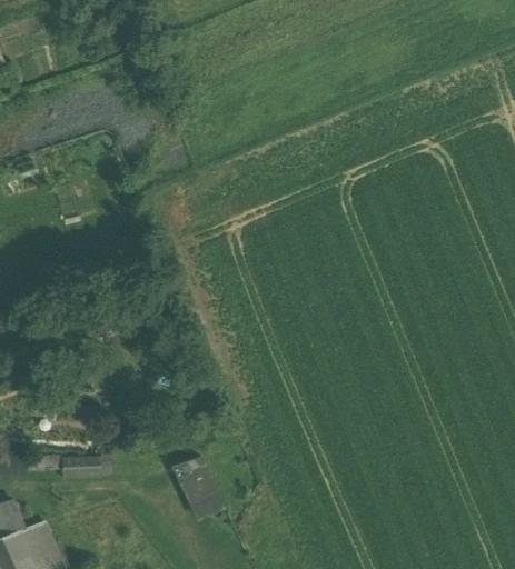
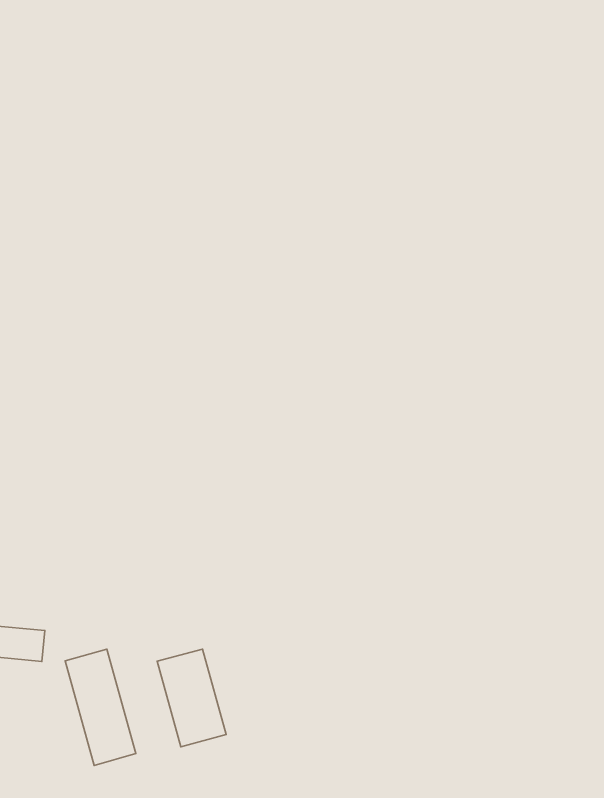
building: none -> [65,649,136,766]

